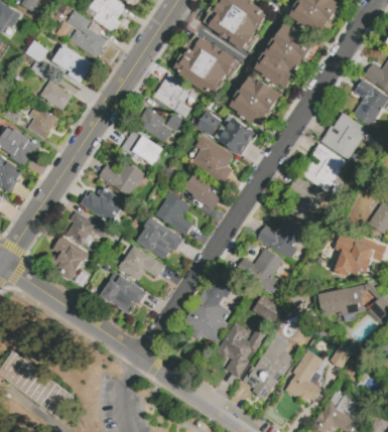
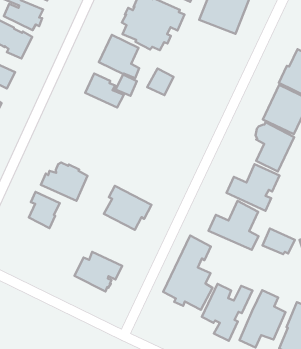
building: [230,75,282,126] -> none
building: [215,115,256,155] -> none
building: [119,130,161,164] -> none
building: [192,135,234,183] -> none
building: [98,161,146,197] -> none
building: [184,172,222,209] -> none
building: [155,190,193,236] -> none
building: [48,235,89,280] -> none
building: [117,245,166,283] -> none
building: [252,295,283,321] -> [263,228,295,254]

